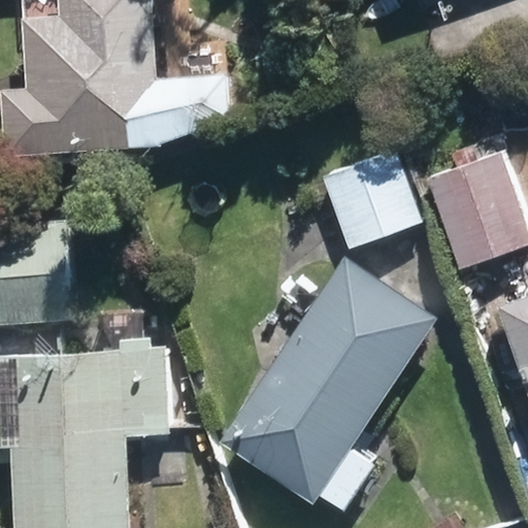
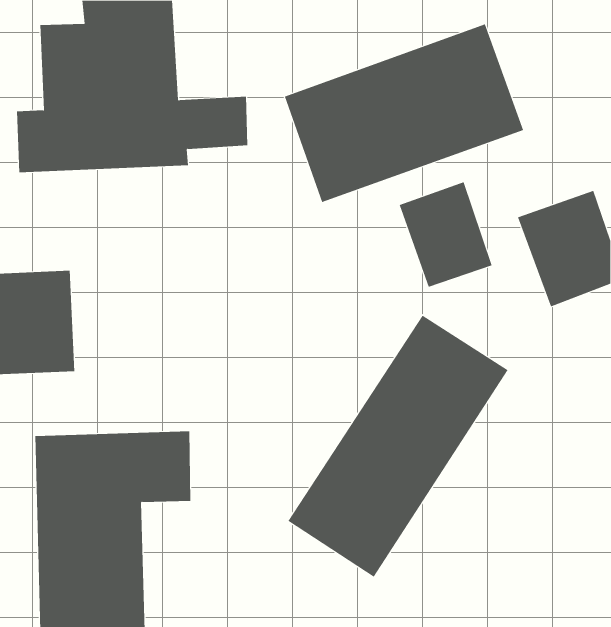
building: none -> [284,23,524,203]

